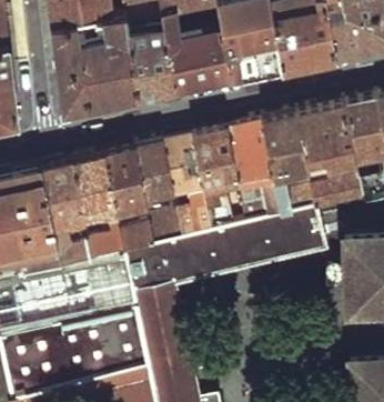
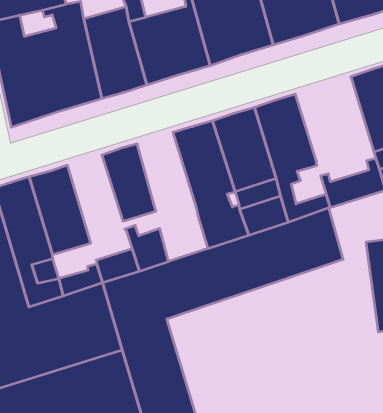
building: [297,104,356,171] -> none
building: [164,137,208,202] -> none
building: [105,150,149,221] -> none
building: [176,208,214,242] -> none

